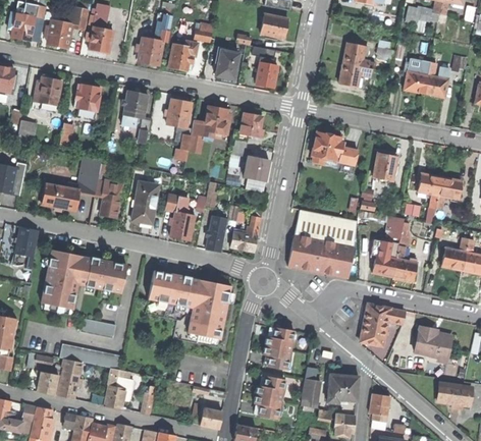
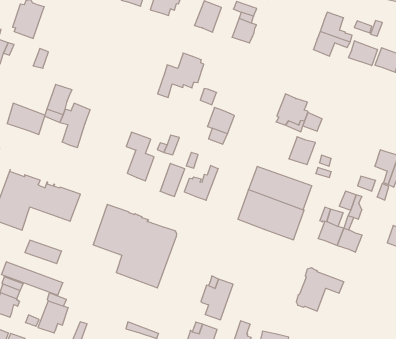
building: none -> [348,41,377,66]
building: [73,85,100,119] -> none
building: [121,91,151,144] -> none
building: [167,99,193,151] -> none
building: [239,112,262,136] -> none
building: [373,153,397,179] -> [289,137,315,165]
building: [132,180,159,223] -> none
building: [415,326,450,357] -> none

